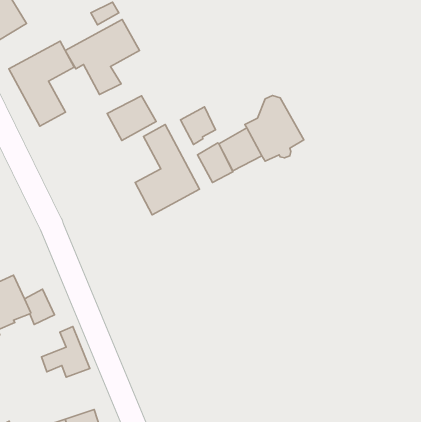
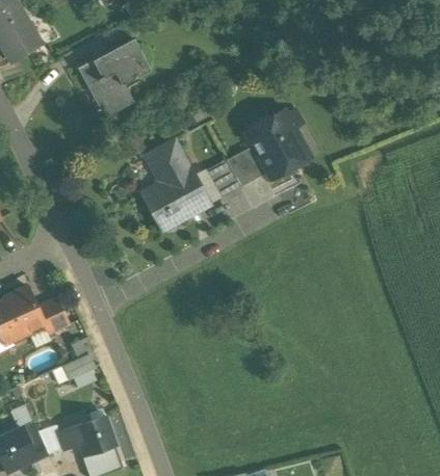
building: [9,41,74,126] -> none
building: [107,96,156,141] -> none
building: [180,107,216,145] -> none

